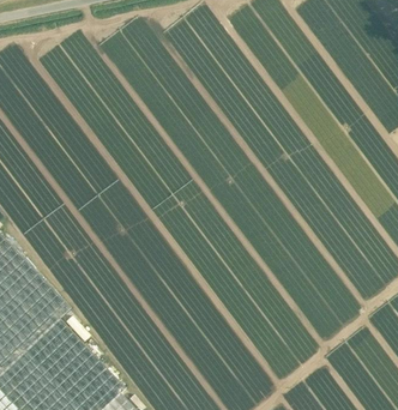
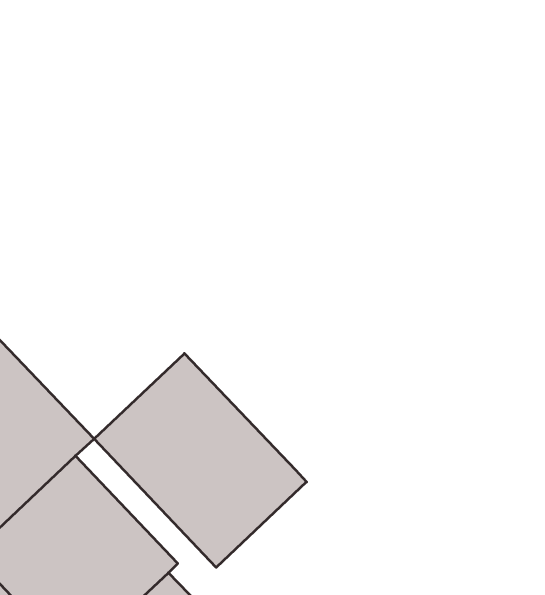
building: none -> [94,353,307,567]

